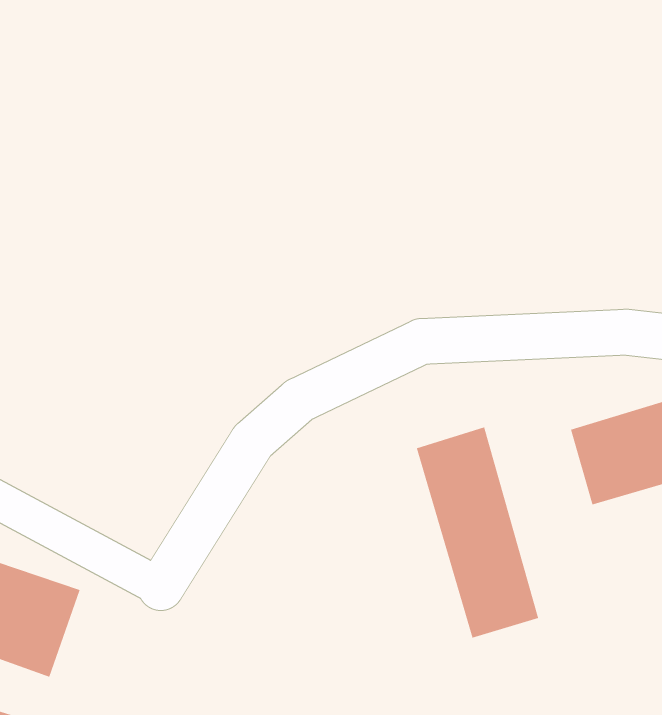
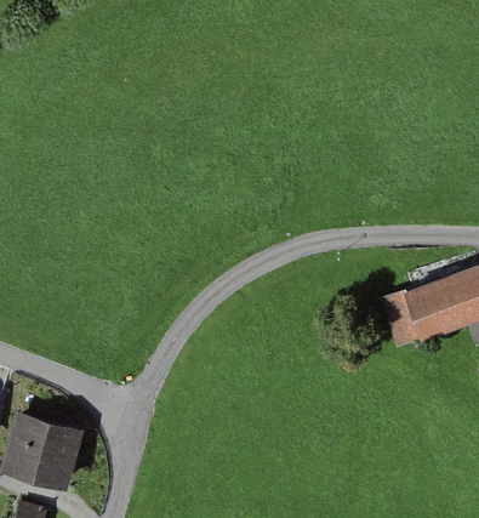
building: [416,427,539,639] -> none

